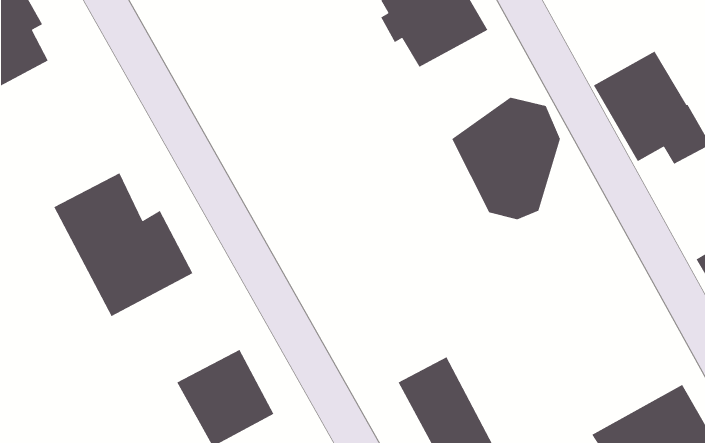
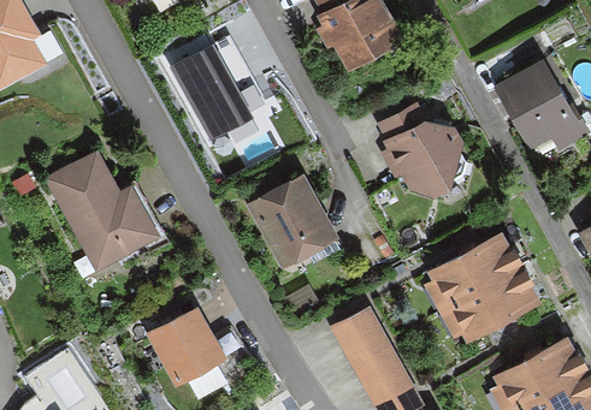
building: none -> [171,43,255,142]
building: none -> [246,167,332,259]
building: none -> [425,230,544,344]

